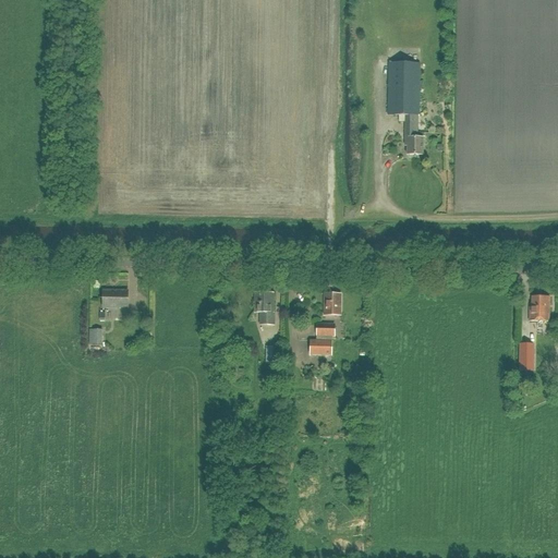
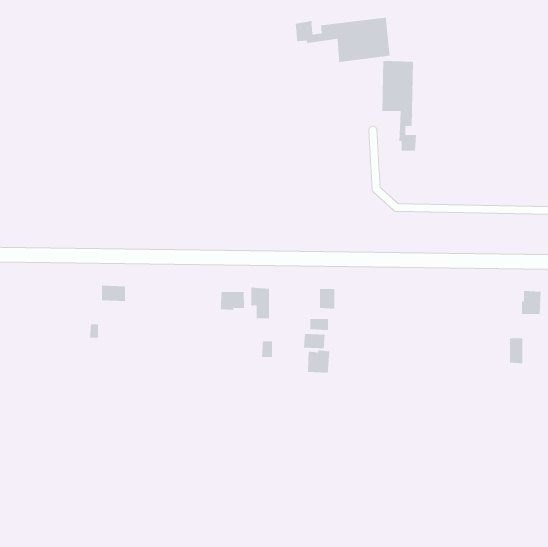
building: none -> [295,17,391,63]
building: none -> [220,291,245,310]
building: none -> [307,349,330,374]

